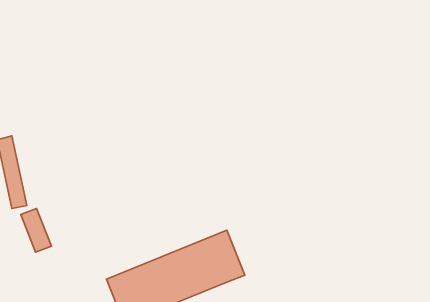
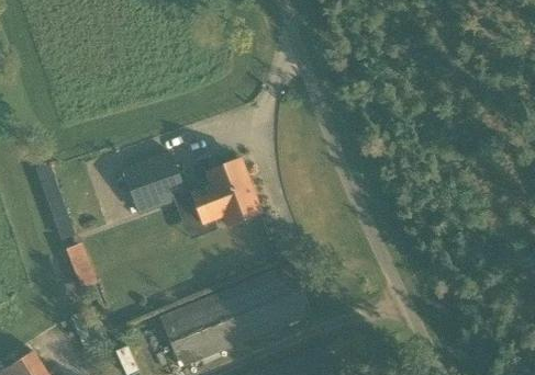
building: none -> [121,151,186,213]
building: none -> [190,159,260,226]

